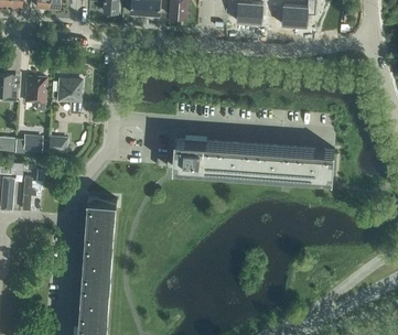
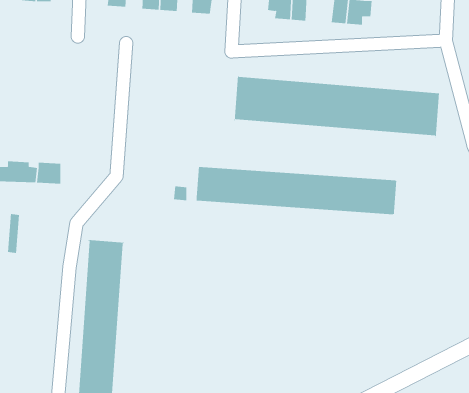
building: none -> [234,74,440,138]
building: [24,76,45,110] -> none
building: [56,78,80,114] -> none

